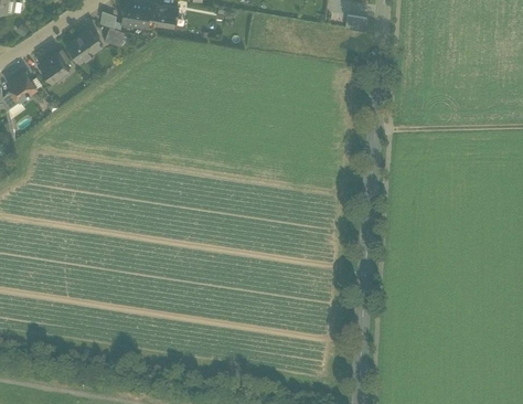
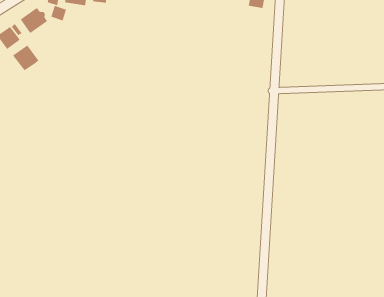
building: none -> [12,43,41,72]

